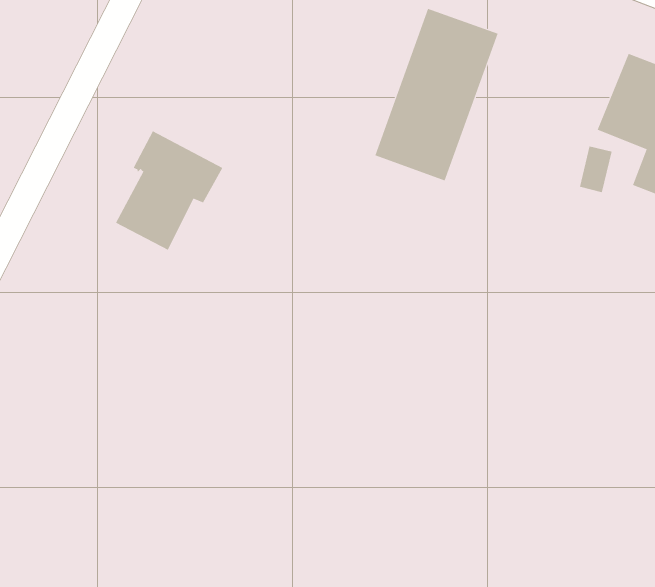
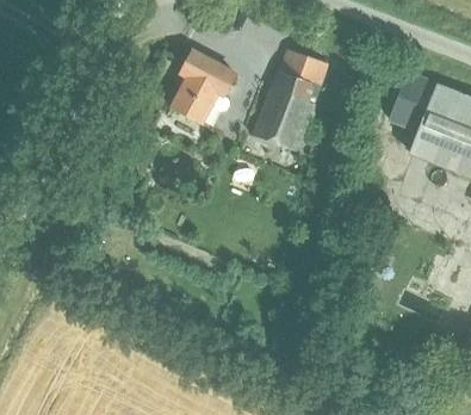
building: [115,130,223,250] -> [172,48,237,120]

